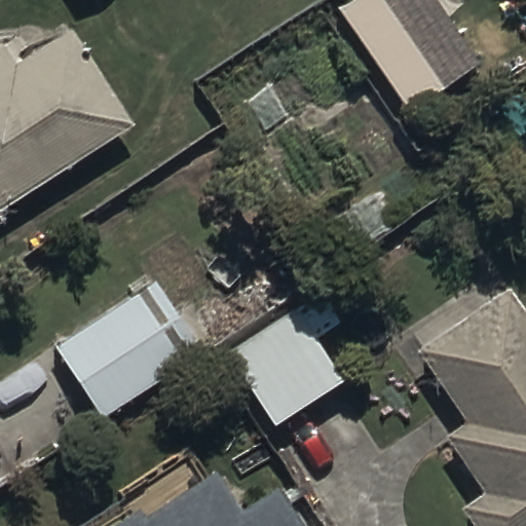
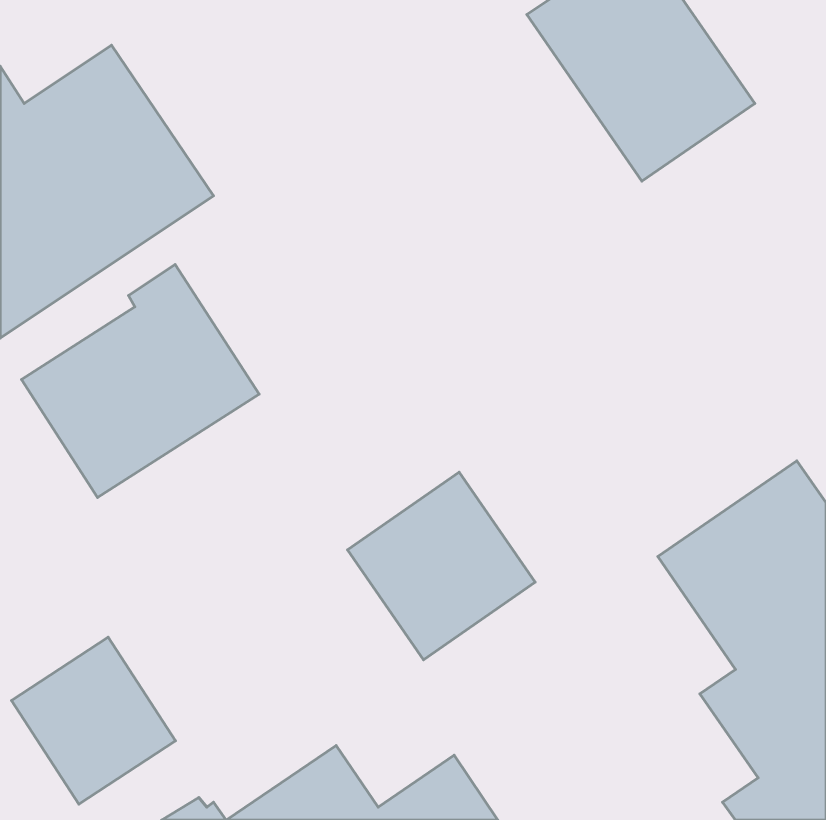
building: [53,272,204,420] -> [22,265,259,498]
building: none -> [11,637,175,804]

